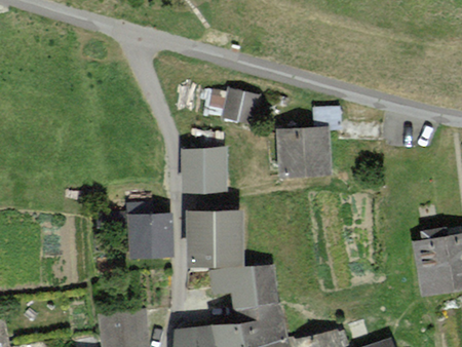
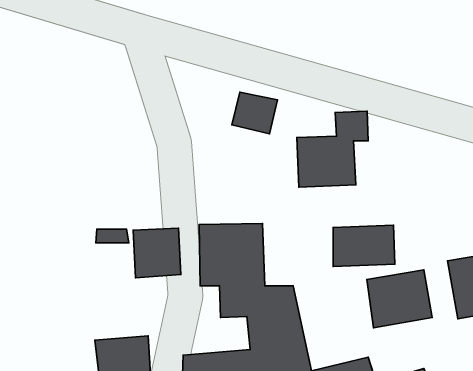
building: [179,147,227,203] -> none
building: none -> [333,225,395,267]
building: none -> [367,270,432,328]

